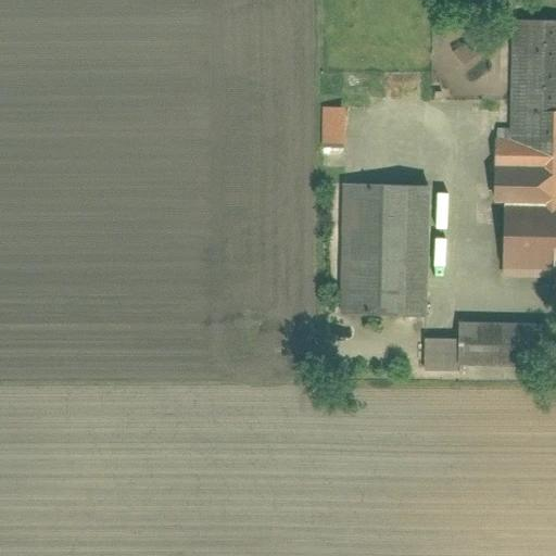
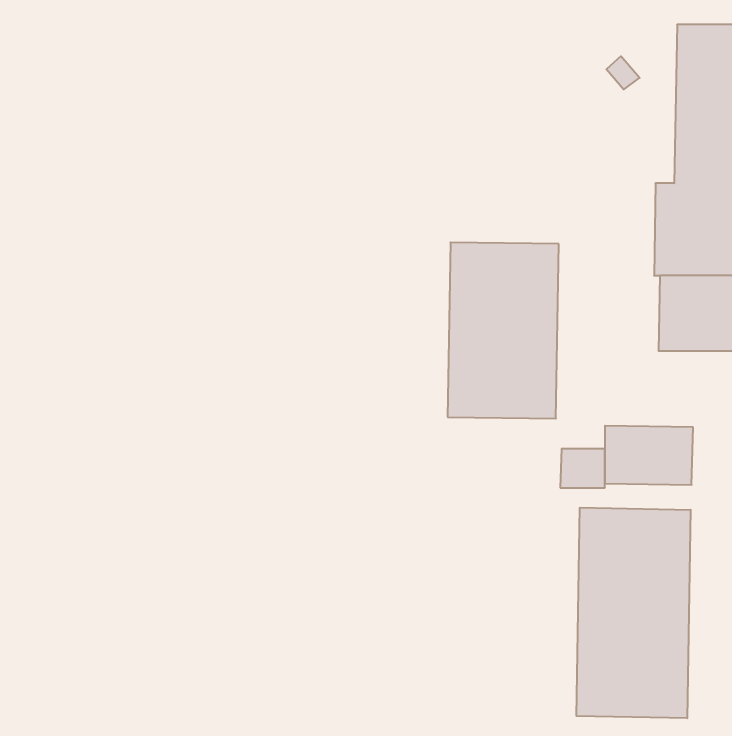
building: [325,106,345,144] -> none
building: none -> [577,508,691,718]

